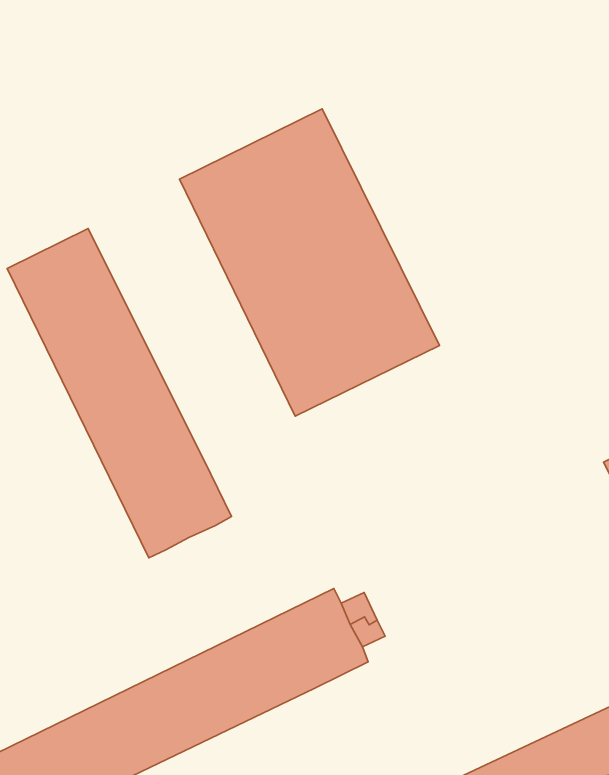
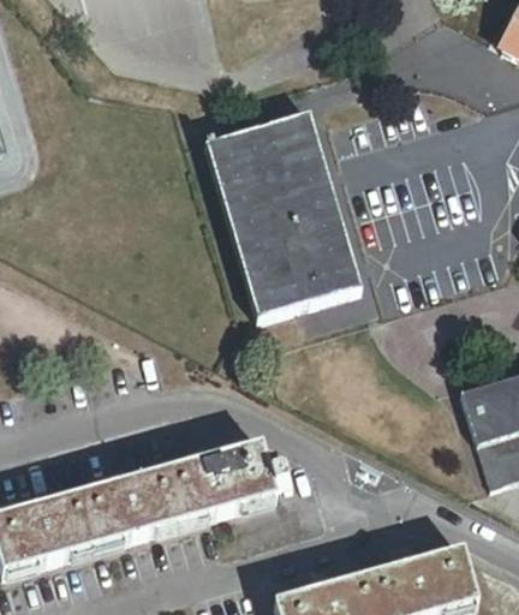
building: [7,229,231,558] -> none

